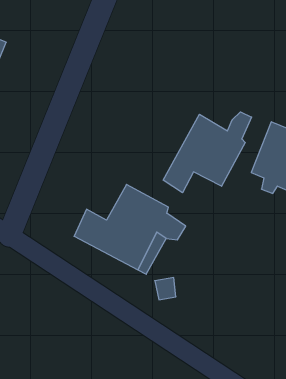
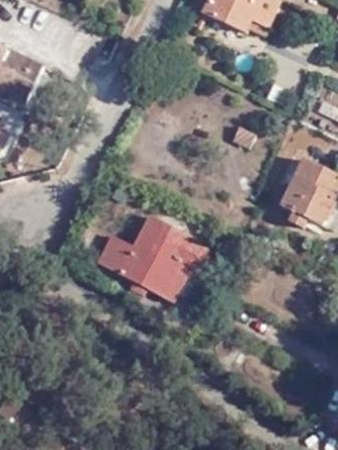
building: [163,112,252,193] -> none

